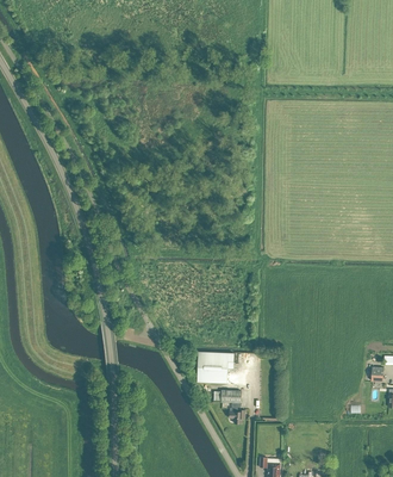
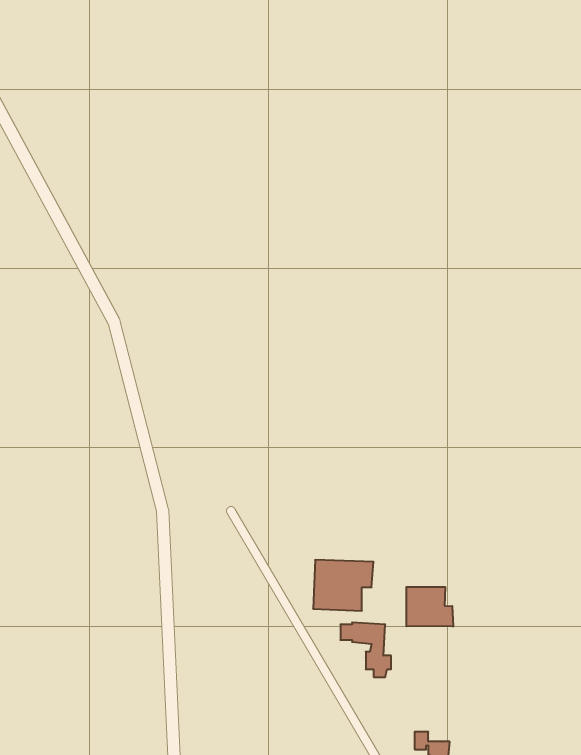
building: none -> [406,587,453,627]

